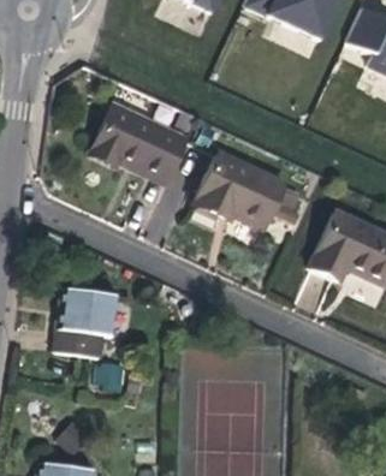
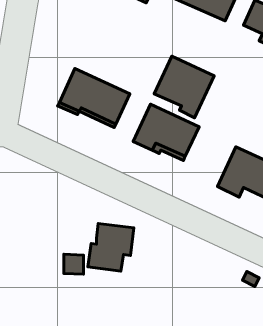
building: none -> [154,56,214,118]
building: [54,290,118,356] -> [88,223,134,271]

